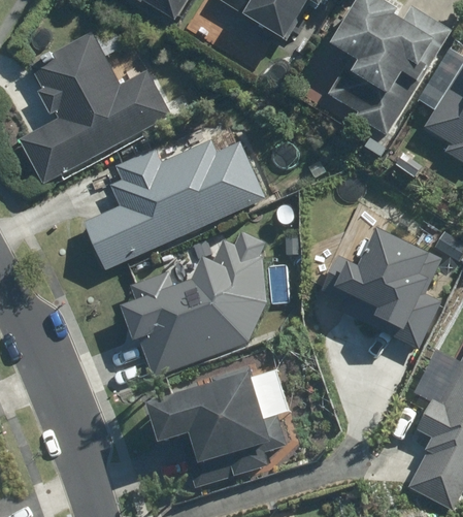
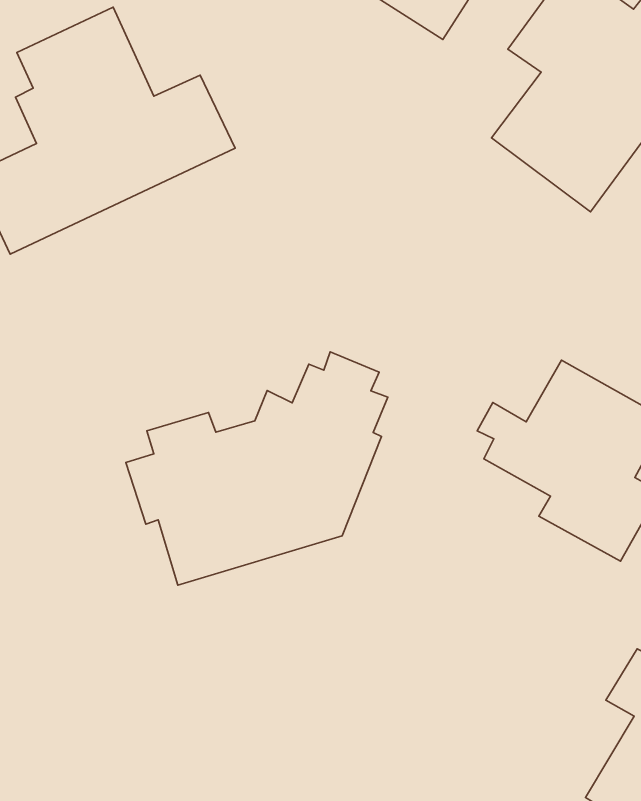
building: [80,139,264,271] -> none
building: [144,371,292,476] -> none

